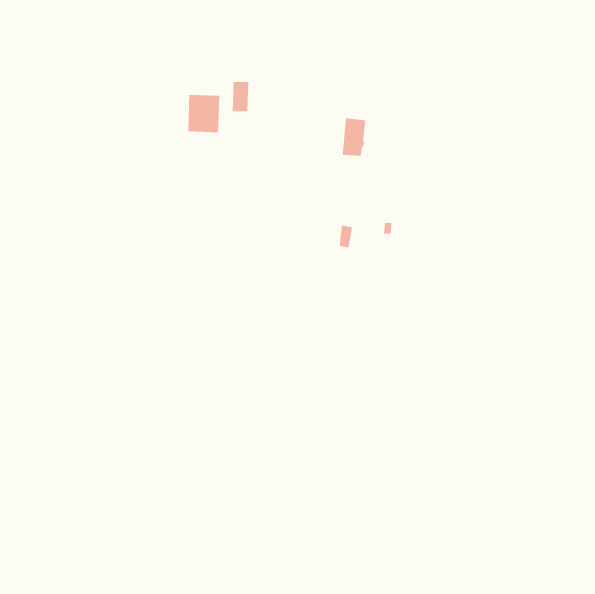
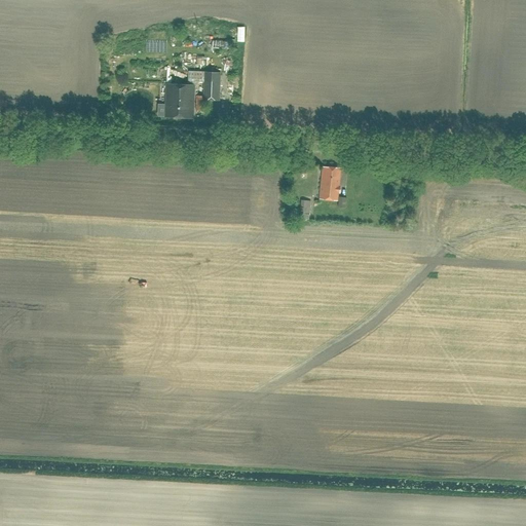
building: [342,118,366,156] -> [320,165,341,199]

